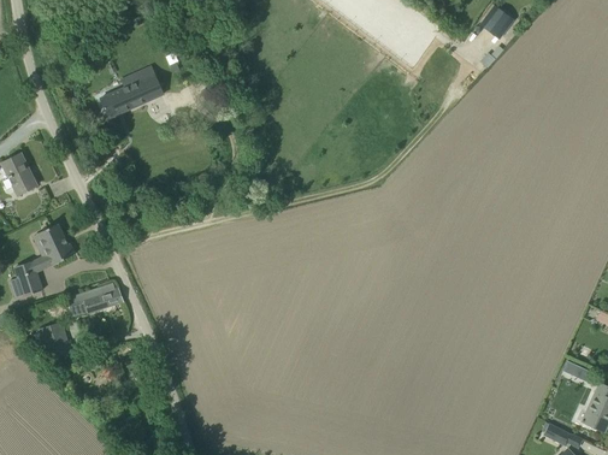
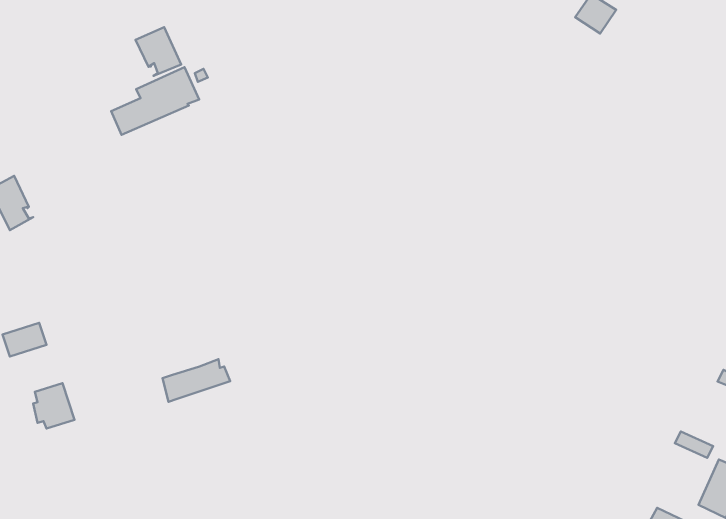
building: none -> [135,27,181,76]
building: [37,223,75,268] -> none
building: [67,282,123,317] -> [163,359,230,402]

